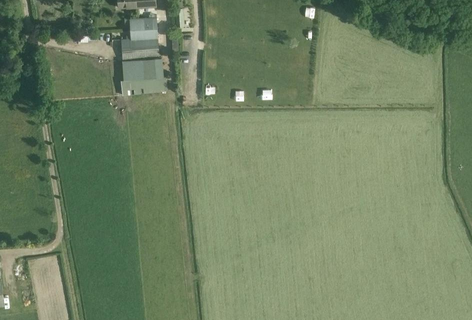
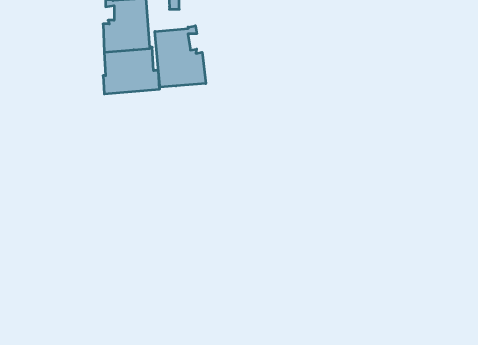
building: none -> [155,26,206,87]

